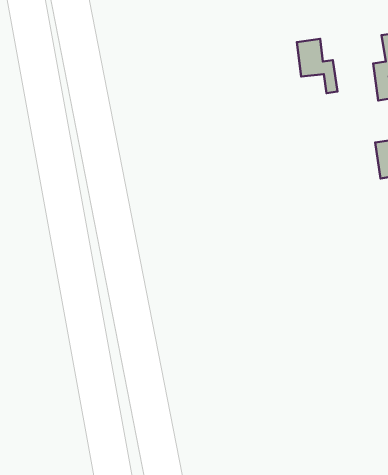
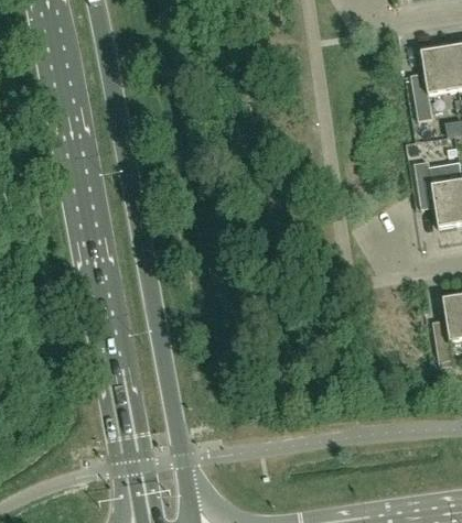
building: [297,39,337,93] -> none

